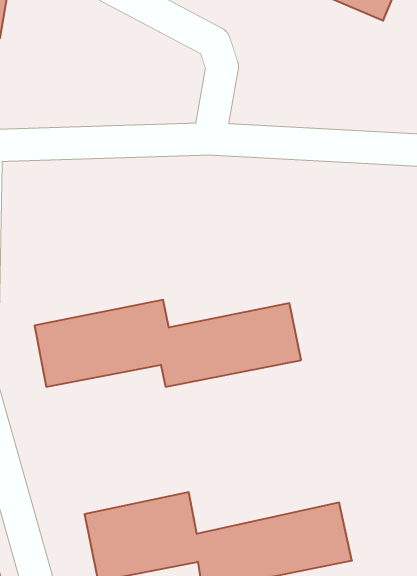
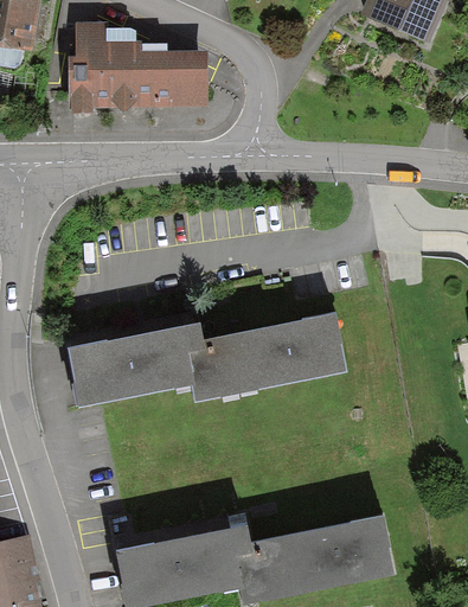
building: none -> [75,25,205,104]

